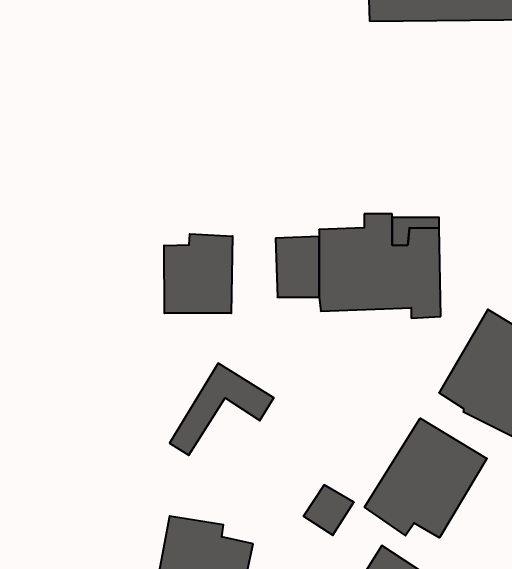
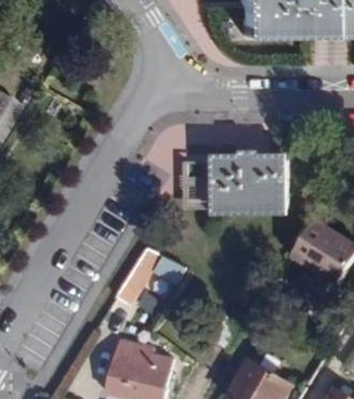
building: [164,234,233,313] -> none
building: [365,418,487,538] -> none

